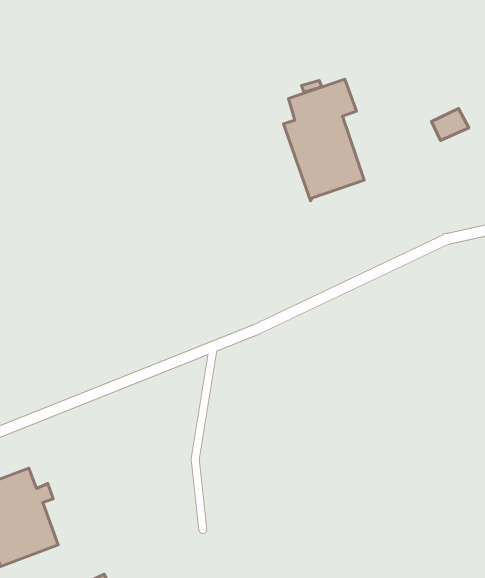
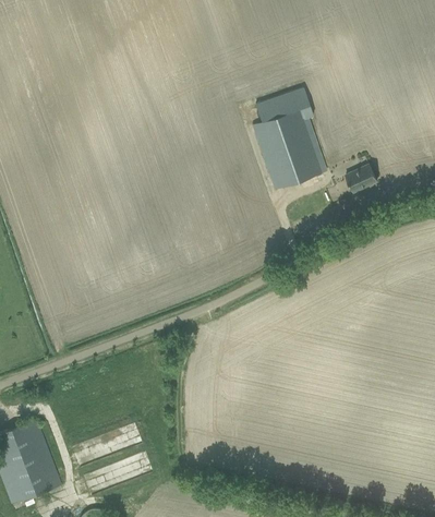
building: [432,109,469,141] -> [347,166,378,193]

